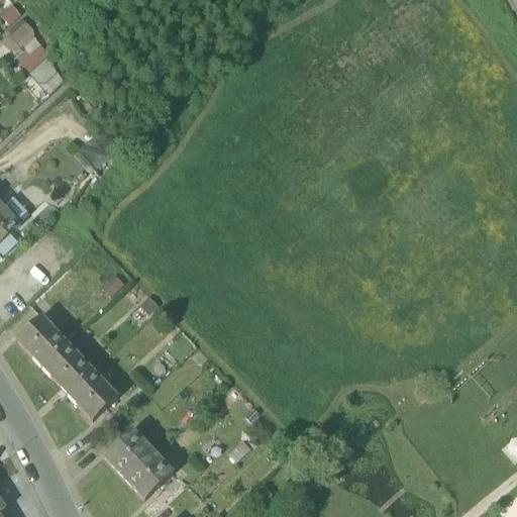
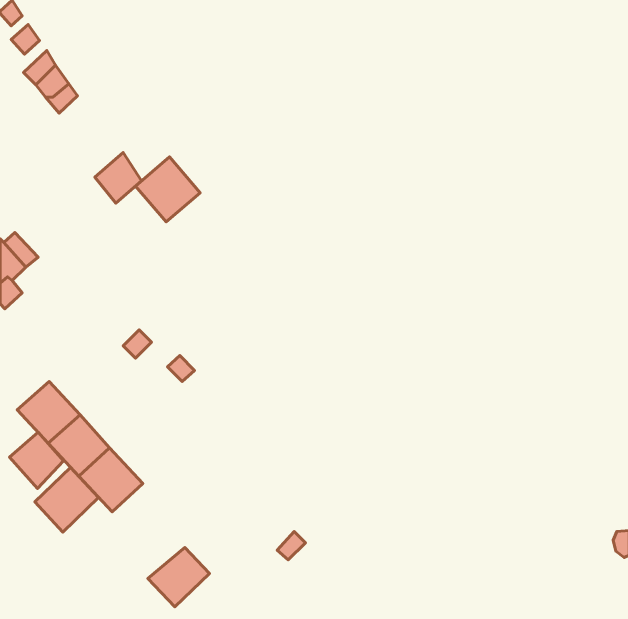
building: none -> [136,157,200,222]
building: none -> [10,432,64,489]
building: none -> [35,467,99,532]
building: [102,426,152,475] -> none

